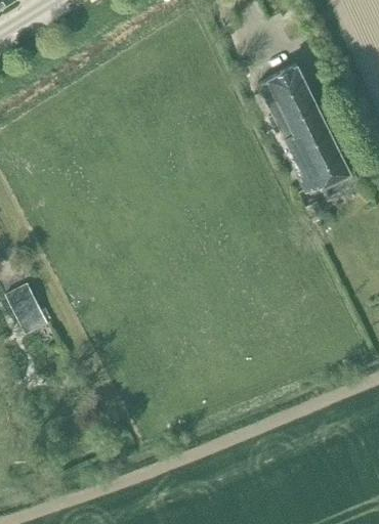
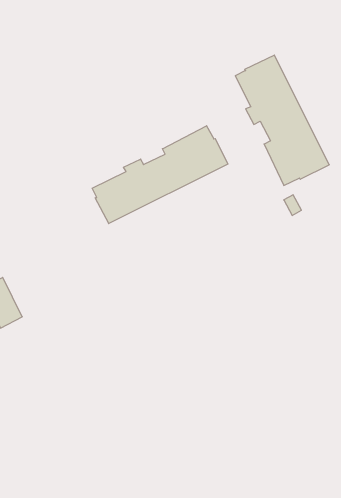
building: none -> [92,126,228,224]

